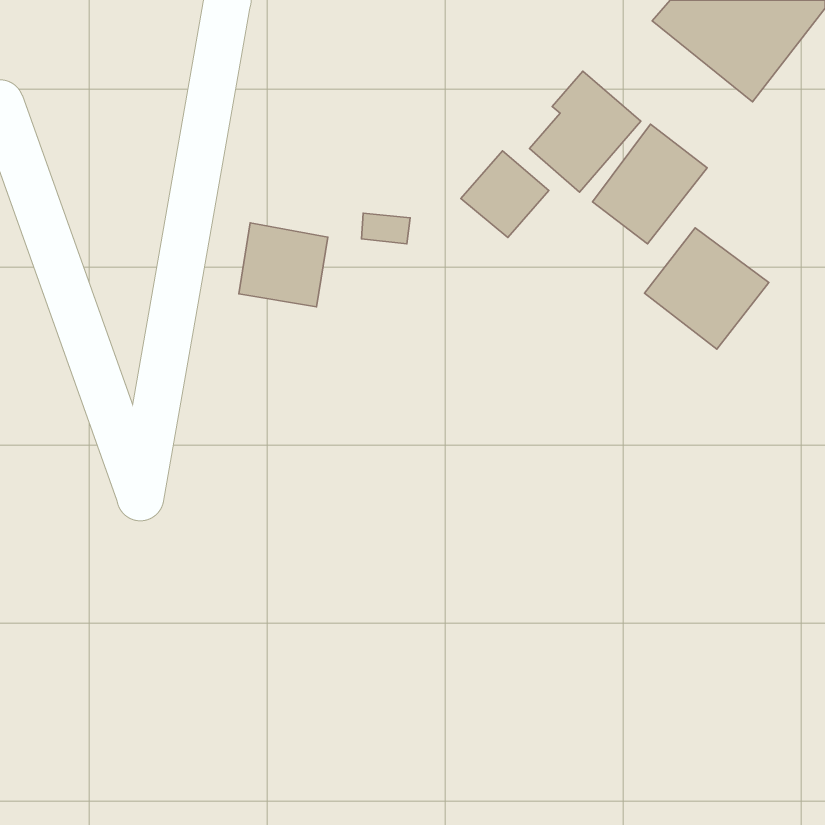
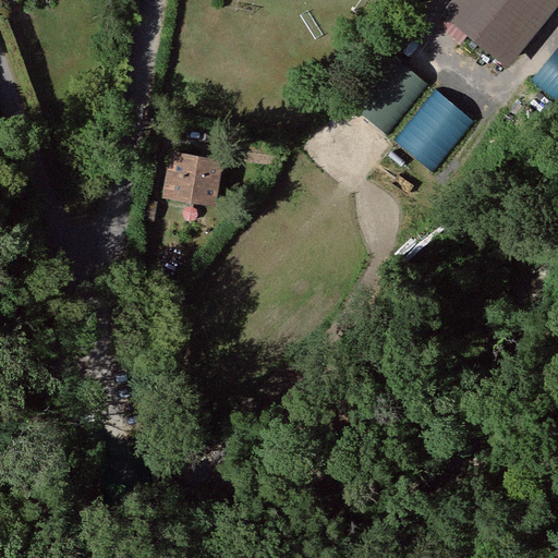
building: [461,151,549,238] -> none
building: [644,228,769,349] -> none

